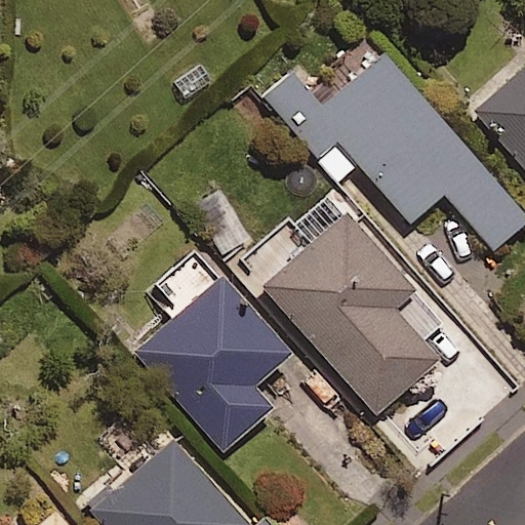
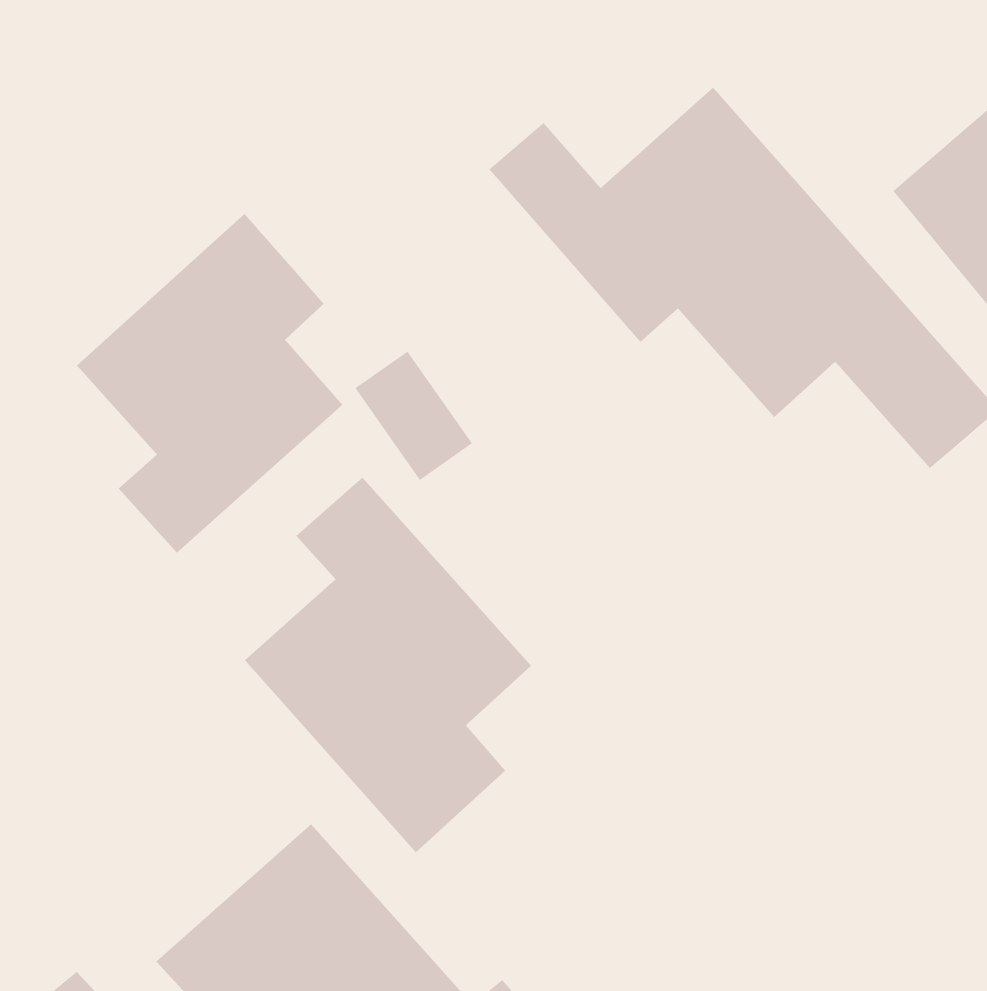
building: none -> [76,213,343,554]
building: [264,196,452,417] -> none

